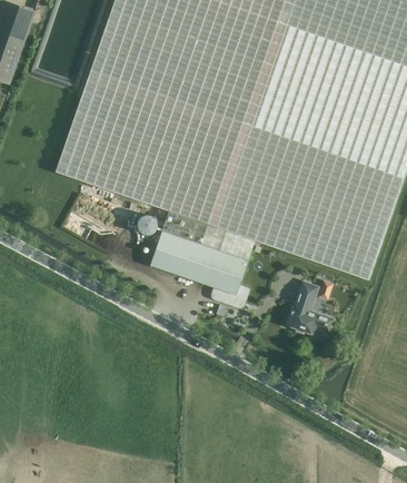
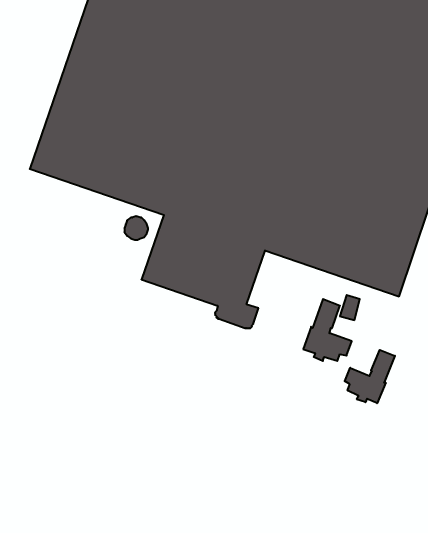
building: none -> [345,350,395,403]

